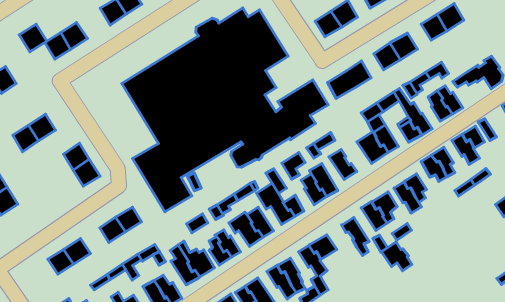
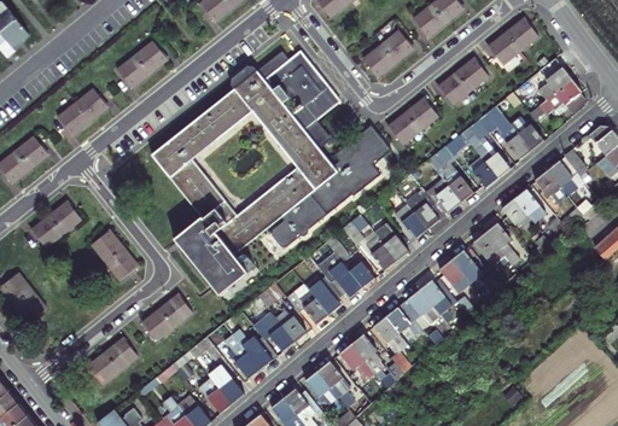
building: [19,24,47,52] -> [14,136,47,169]
building: none -> [538,58,570,99]
building: none -> [409,193,445,227]
building: [381,242,412,271] -> [403,290,439,322]

